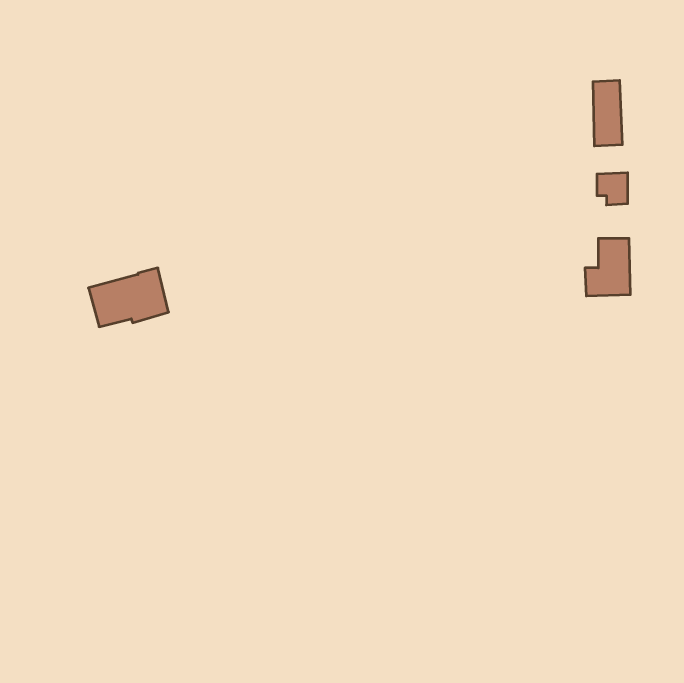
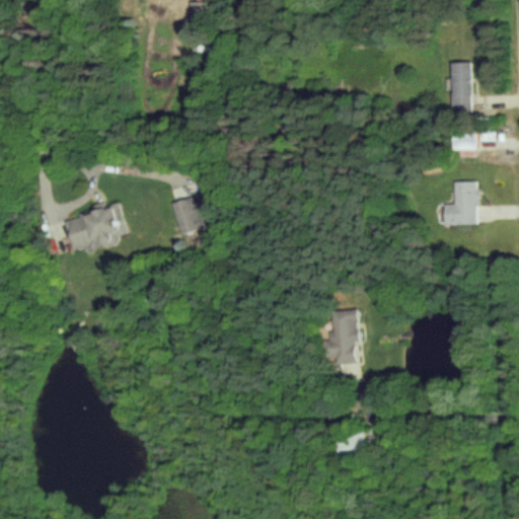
building: none -> [171,196,207,234]
building: none -> [327,310,360,365]

